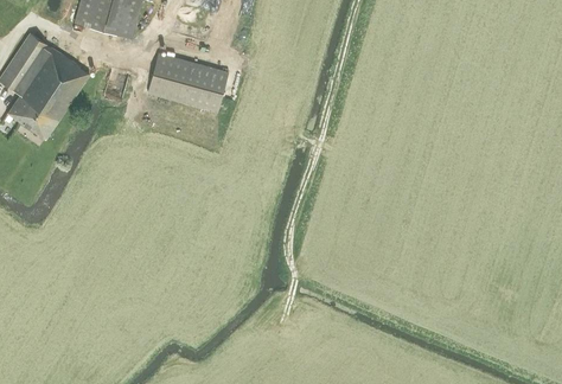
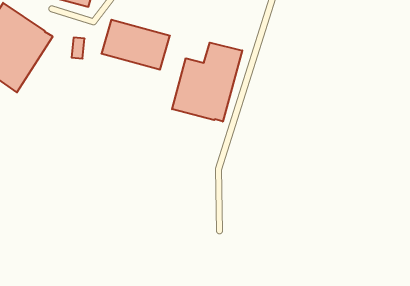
building: none -> [172,43,242,122]

